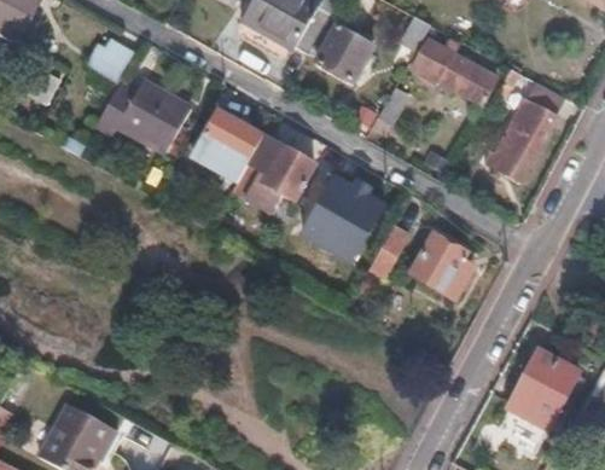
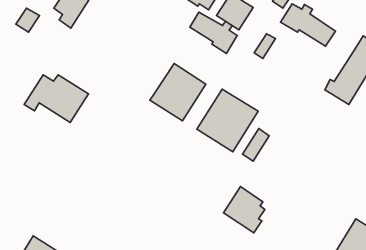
building: none -> [190,12,237,54]
building: [93,79,186,147] -> [24,75,88,123]
building: [190,111,261,184] -> none
building: [409,231,470,297] -> [223,187,265,233]

